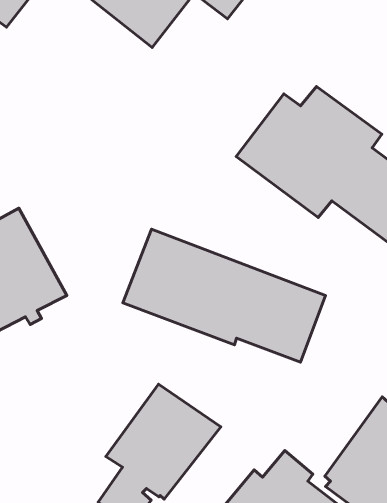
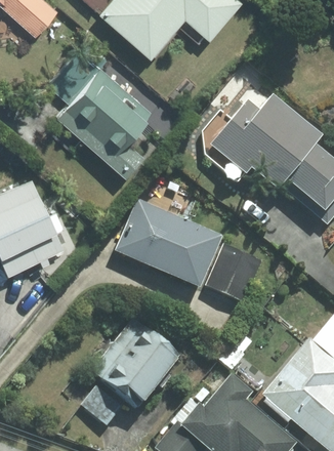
building: none -> [56,68,152,178]

